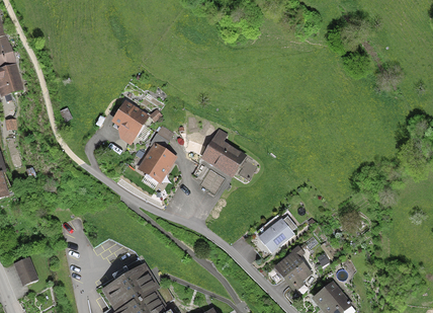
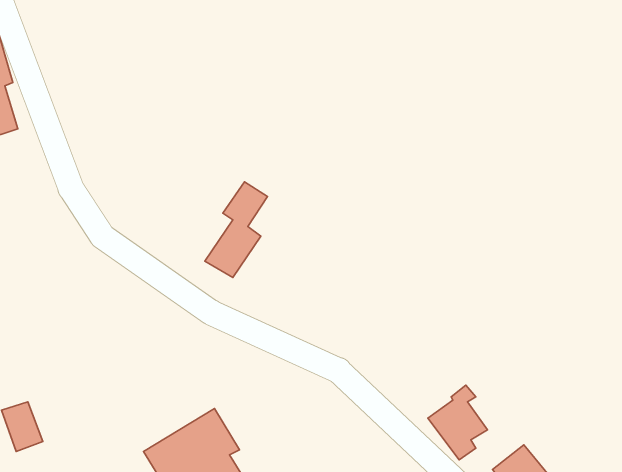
building: [110,102,144,144] -> none
building: [197,130,243,182] -> none
building: [258,217,291,249] -> none

